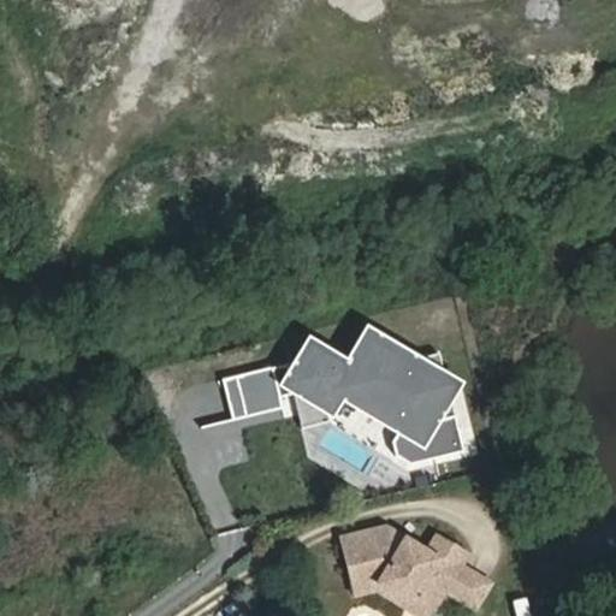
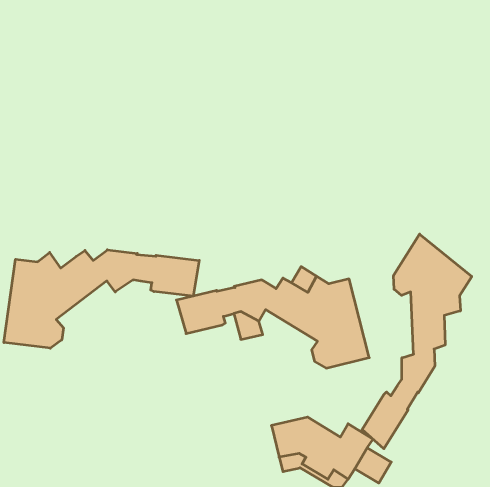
building: none -> [362,234,472,449]
building: none -> [4,250,199,348]

